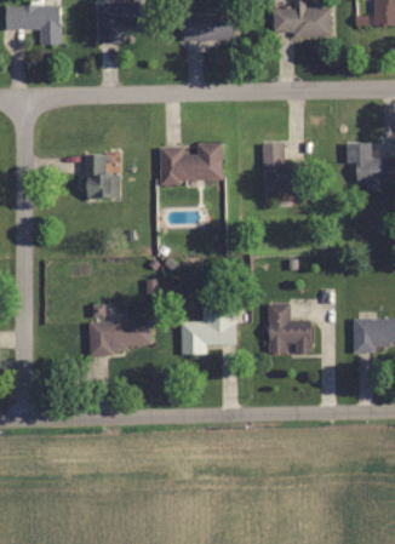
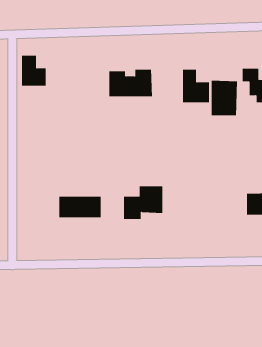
building: [84,155,119,199] -> [21,55,46,86]
building: none -> [211,80,237,116]
building: [268,303,311,353] -> none

